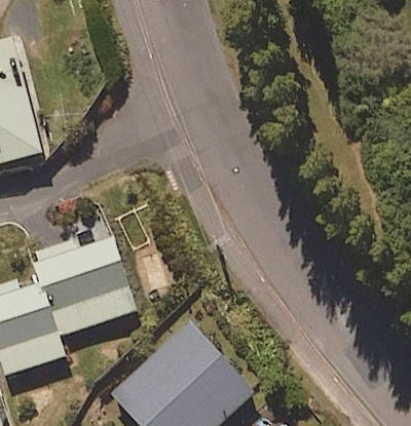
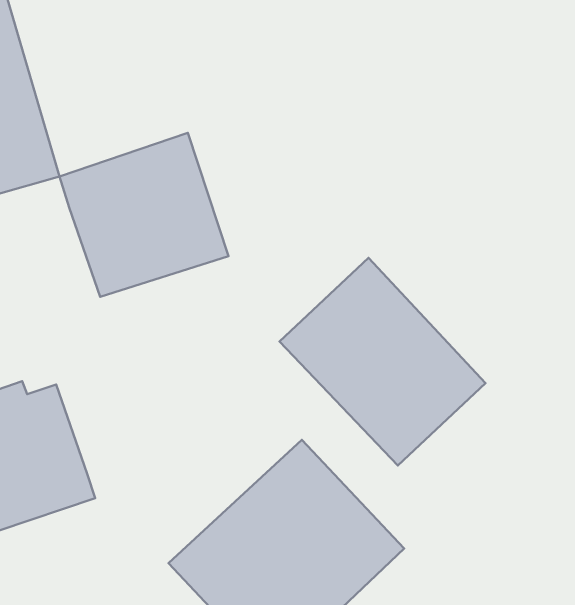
building: none -> [280,258,485,466]
building: [33,235,140,339] -> [60,133,229,297]

